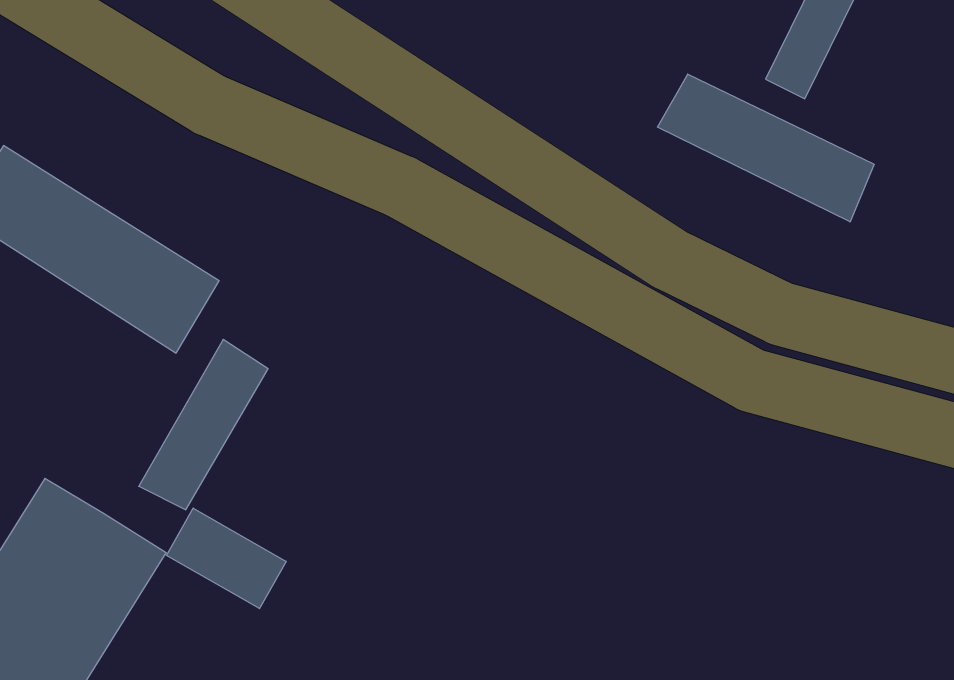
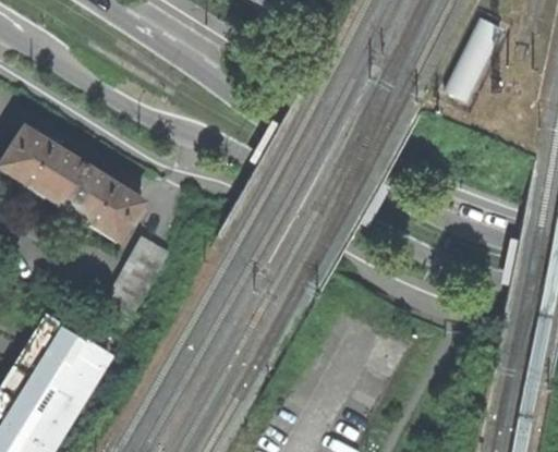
building: [657,74,874,222] -> none
building: [166,508,286,609] -> none

